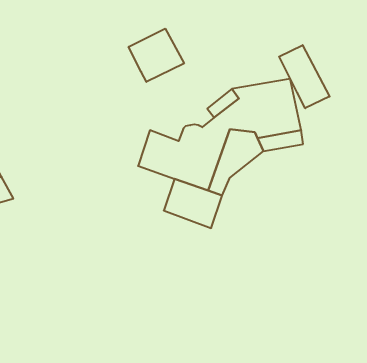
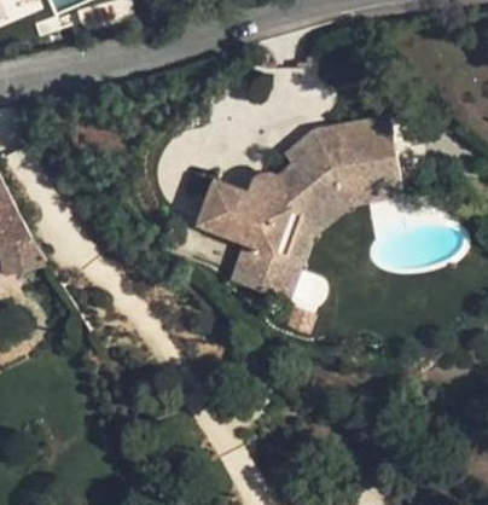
building: [129,29,184,82] -> none
building: [279,45,330,108] -> none

